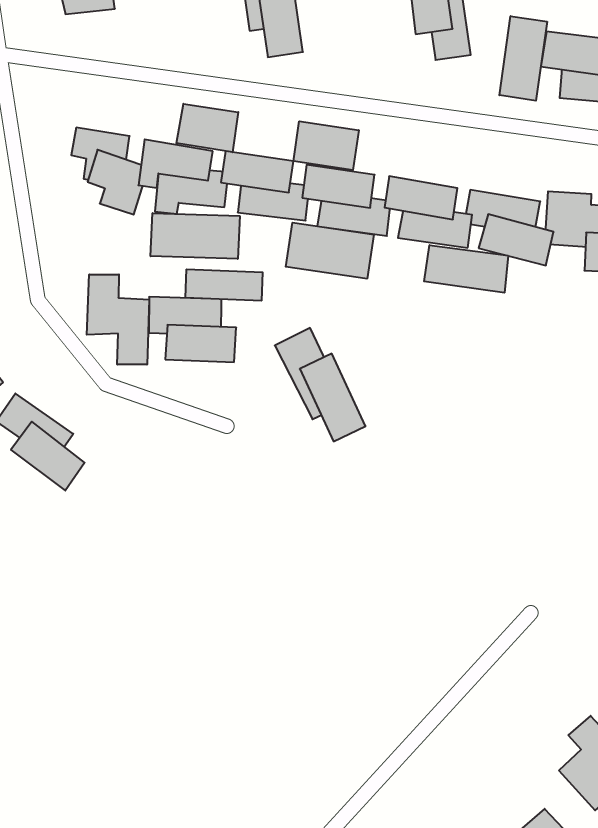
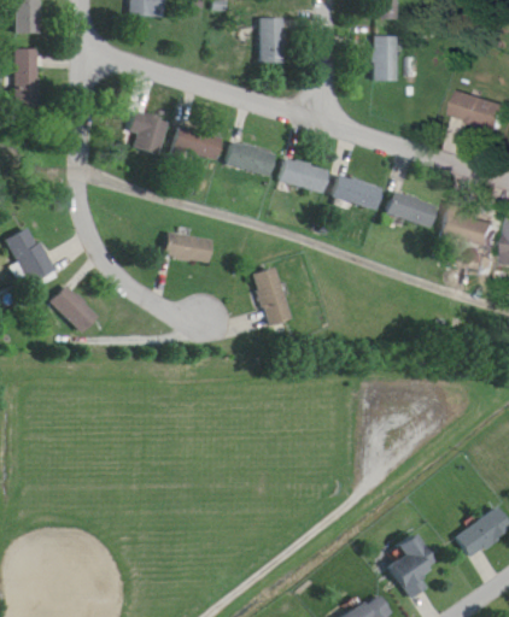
building: [499,16,547,101] -> none
building: [176,104,238,152] -> none
building: [293,121,359,170] -> none
building: [151,213,240,259] -> none
building: [286,223,374,279] -> none
building: [424,245,508,293] -> none
building: [186,269,263,301] -> none
building: [87,274,149,365] -> none

